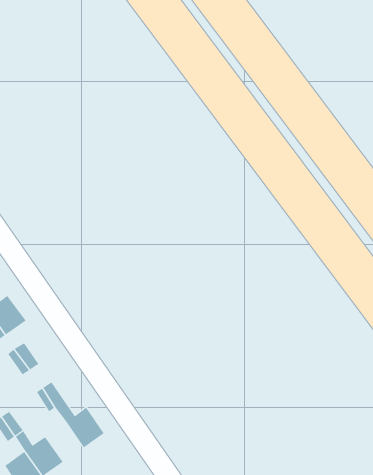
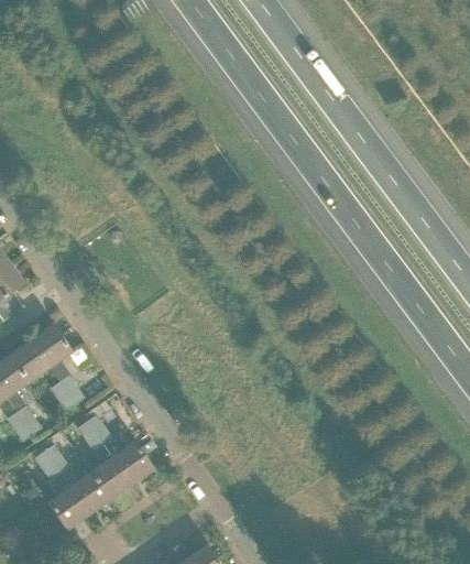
building: none -> [91,457,131,499]

